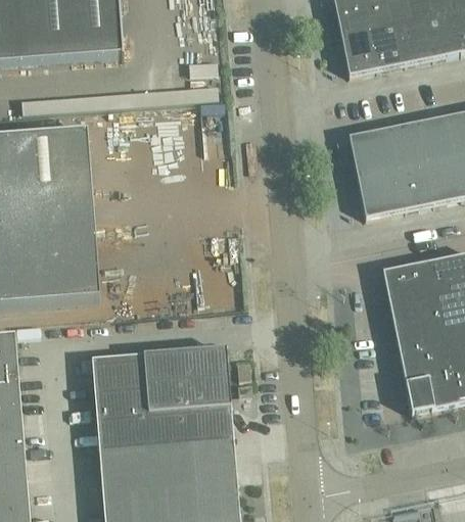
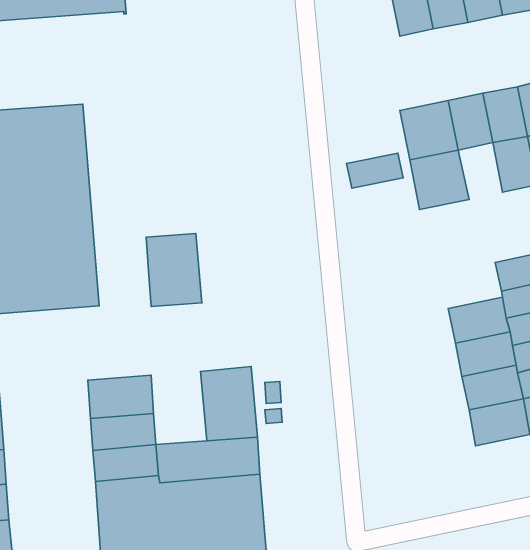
building: [397,160,433,207] -> none
building: none -> [346,153,403,188]
building: [382,259,433,297] -> none
building: [143,349,189,410] -> [146,233,202,306]

